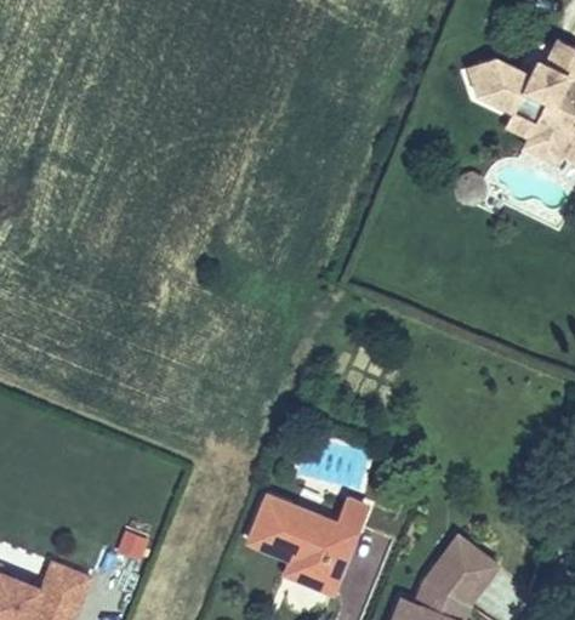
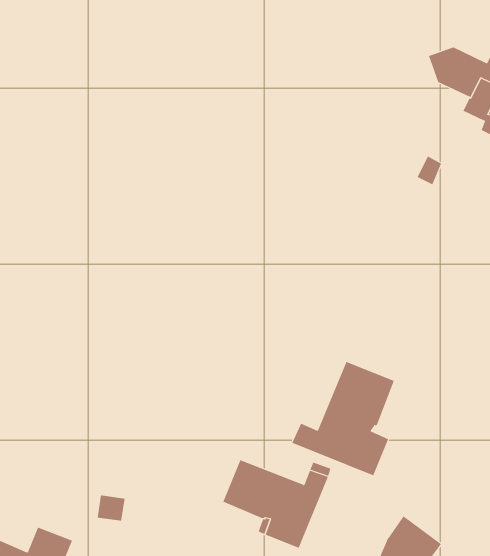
building: none -> [291,361,394,476]
building: [442,534,497,585] -> none

